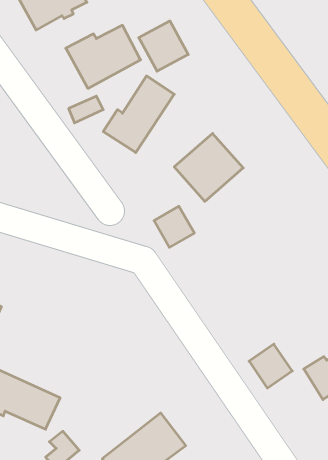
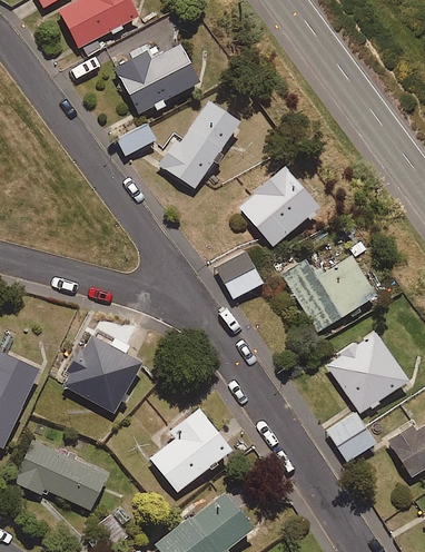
building: [139,21,188,71] -> none
building: none -> [283,254,378,332]
building: none -> [328,331,409,413]
building: none -> [63,335,141,413]
building: none -> [150,410,230,492]

